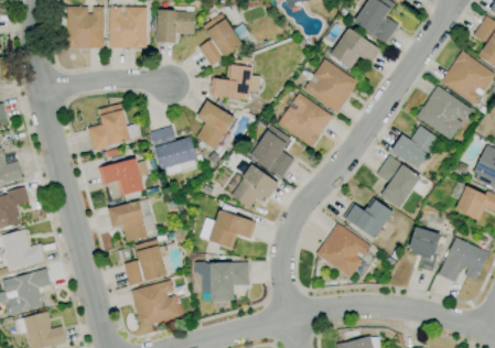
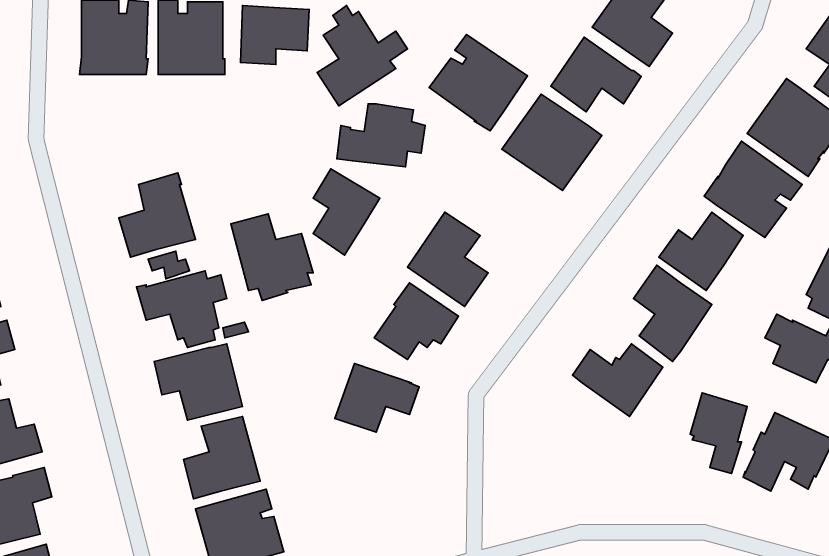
building: [278,94,333,148] -> [429,35,527,131]
building: [316,224,372,278] -> none
building: [195,262,249,302] -> none

